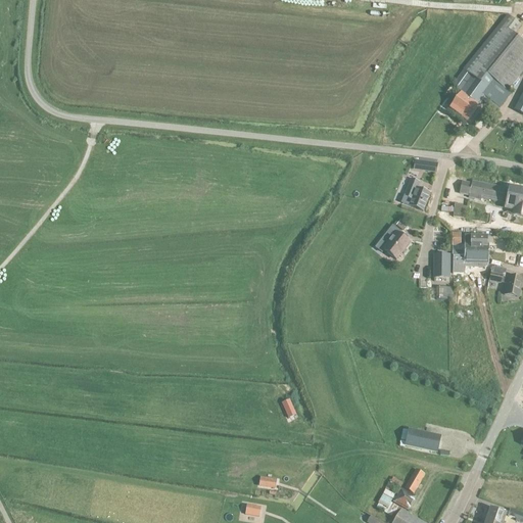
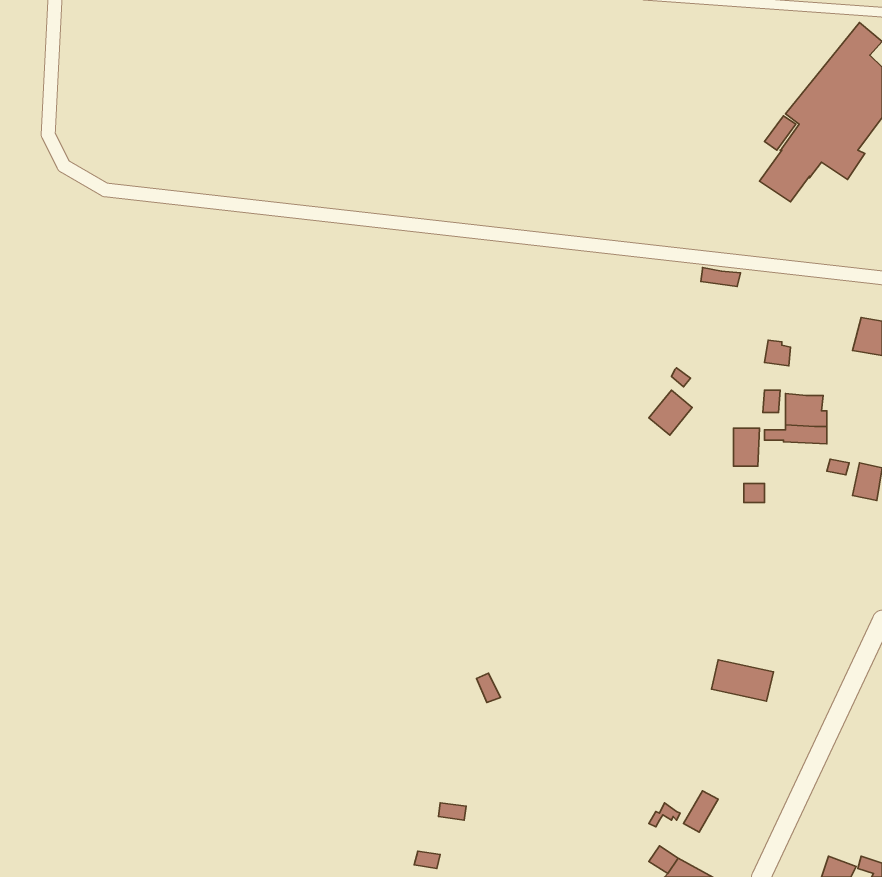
building: [401,178,430,209] -> none
building: [465,181,493,204] -> none
building: [405,426,441,450] -> [711,660,773,701]

